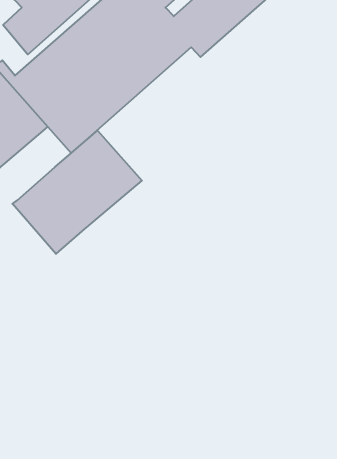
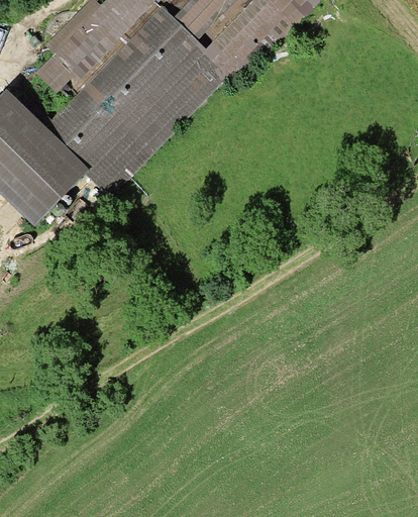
building: [12,130,142,254] -> none

